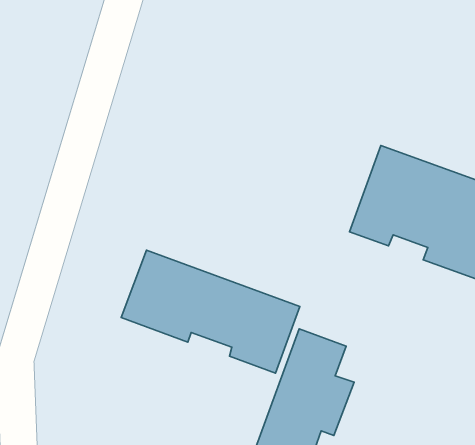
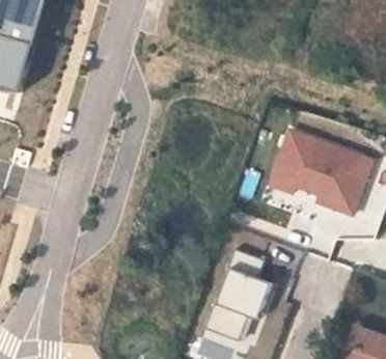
building: [121,250,300,373] -> none

